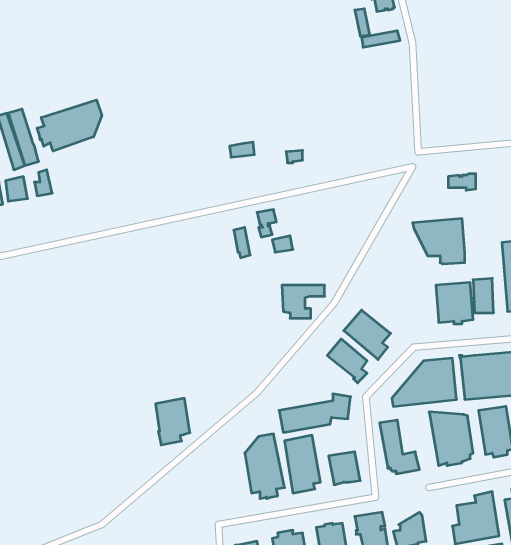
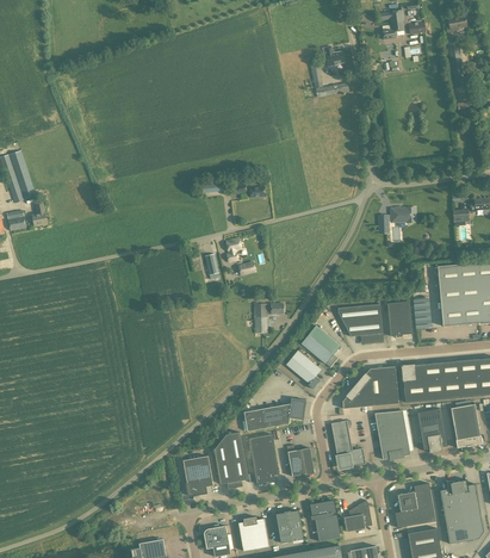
building: [37,100,102,151] -> none
building: [413,219,465,264] -> [336,303,382,342]
building: [156,398,190,445] -> [182,454,212,495]

